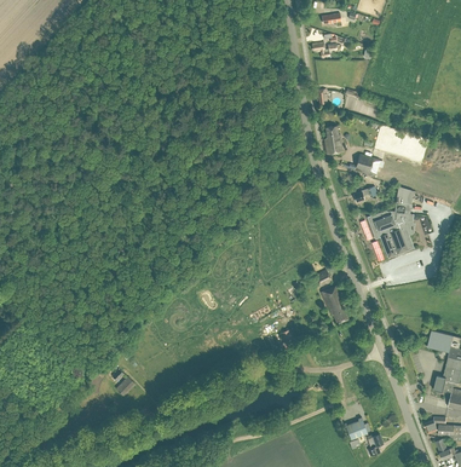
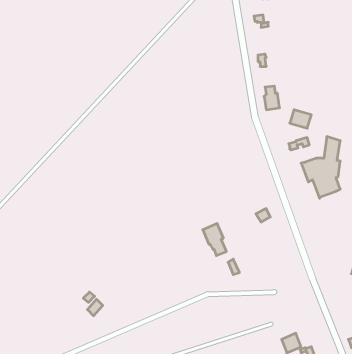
building: [321,286,348,323] -> [203,224,226,256]

